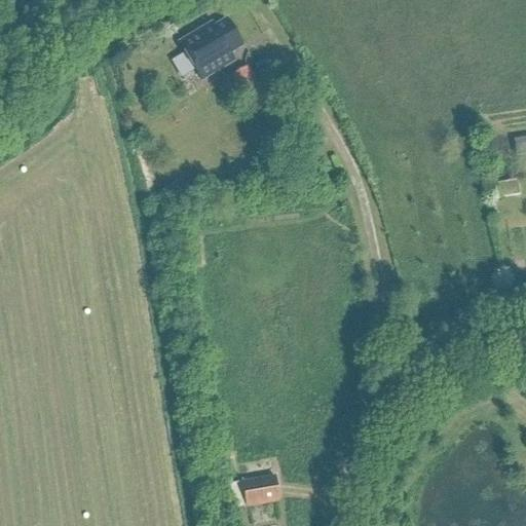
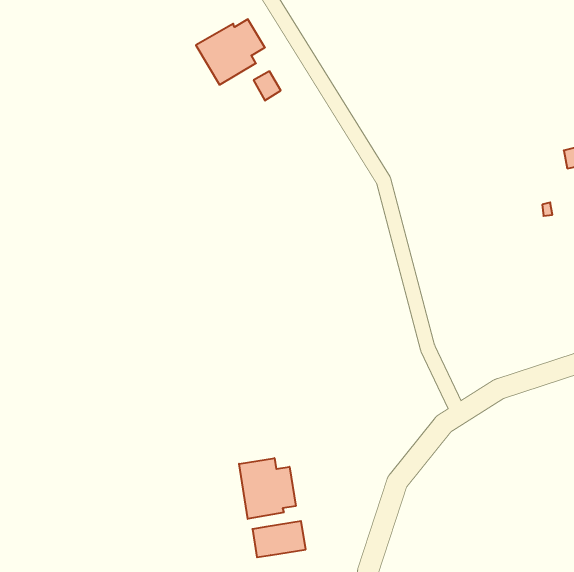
building: none -> [239,458,296,519]

